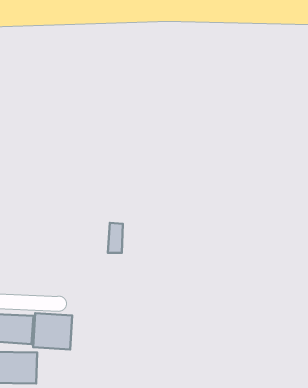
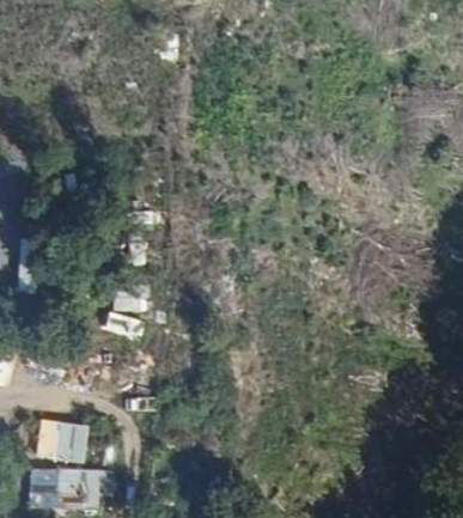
building: [33,313,72,350] -> none

